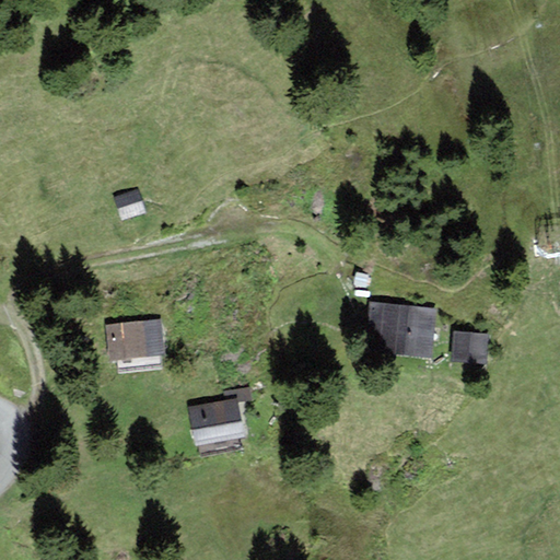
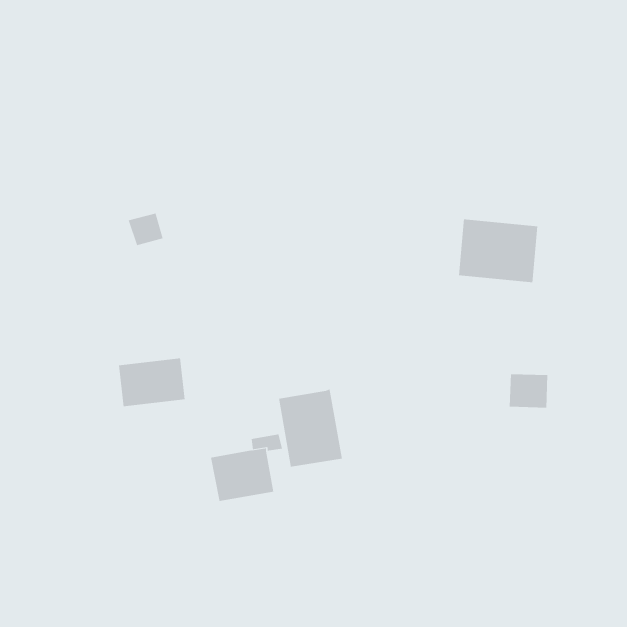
building: [365,302,436,359] -> [458,219,538,283]
building: none -> [278,389,342,467]

